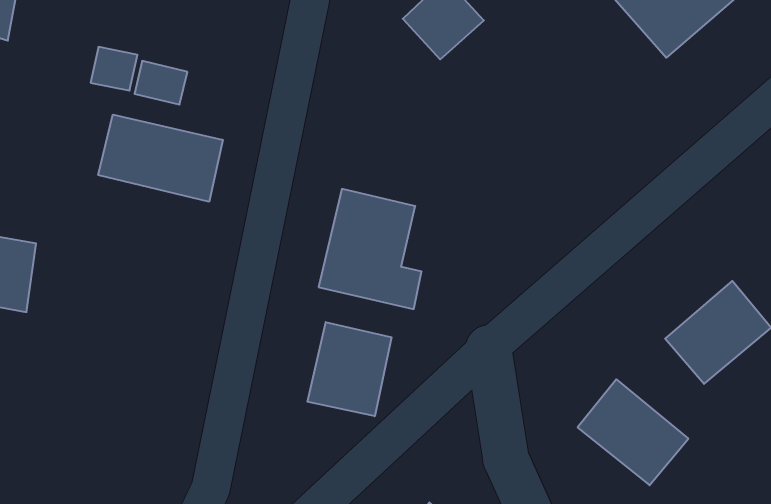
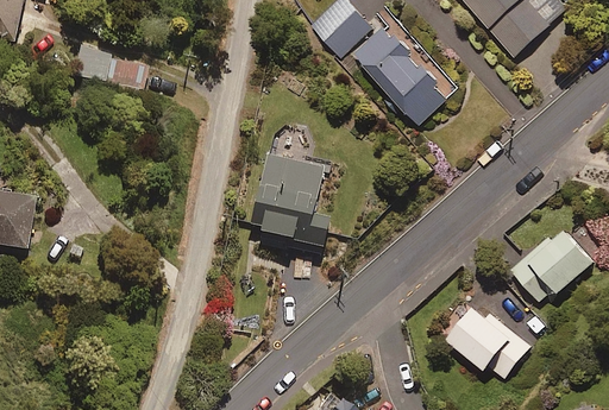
building: none -> [353,18,458,125]
building: [98,115,223,202] -> none
building: [307,322,392,416] -> none

